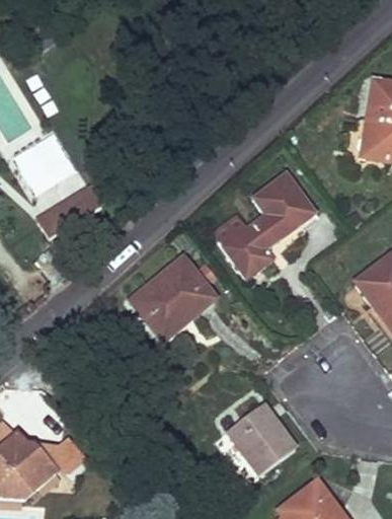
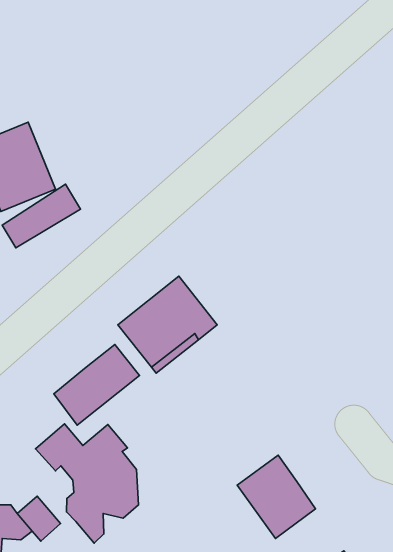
building: [224,173,313,276] -> none
building: none -> [54,344,139,425]
building: none -> [36,424,138,543]

